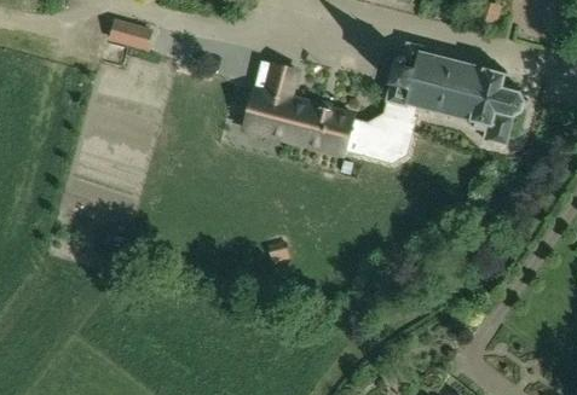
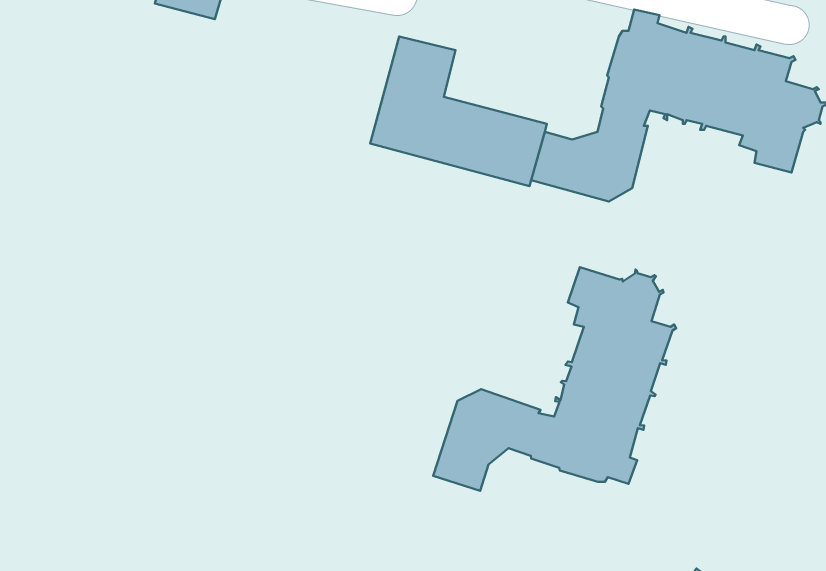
building: none -> [433,267,676,491]

